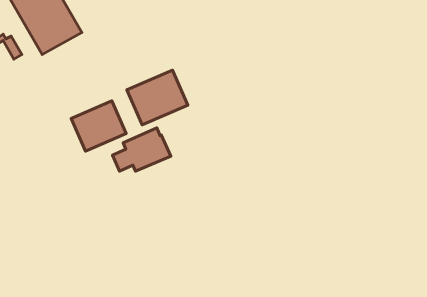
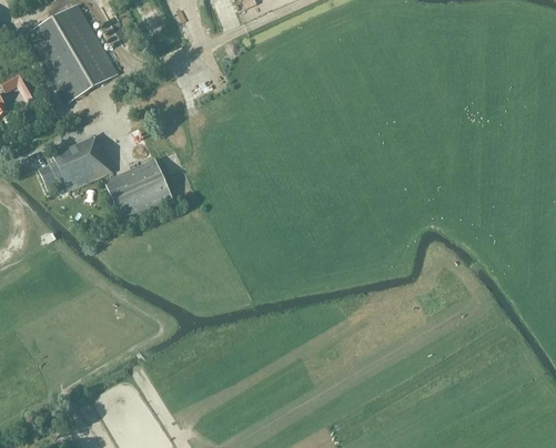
building: [127,70,188,125] -> none
building: [112,128,171,171] -> [38,135,111,190]

